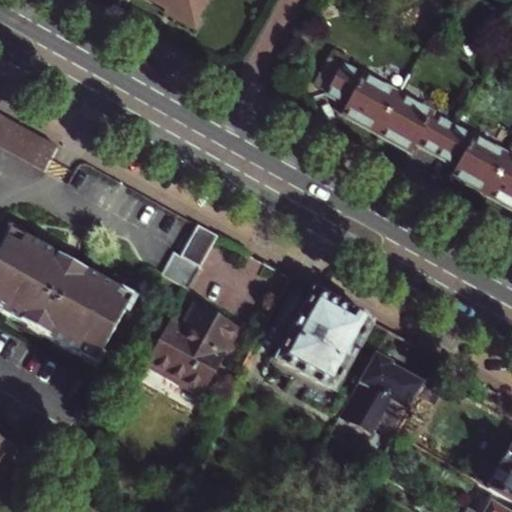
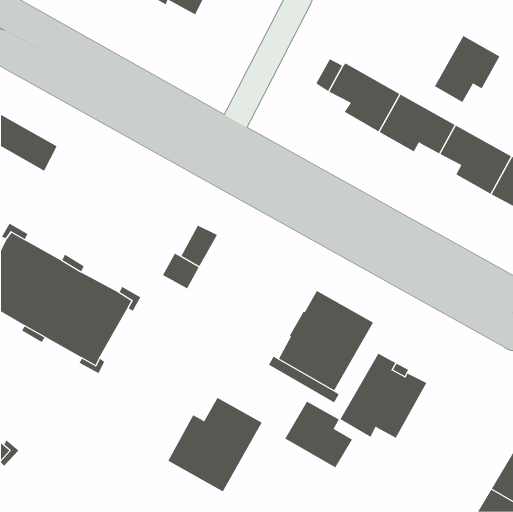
building: none -> [434,35,500,103]
building: [146,299,240,393] -> [168,397,262,492]
building: none -> [285,401,353,468]

